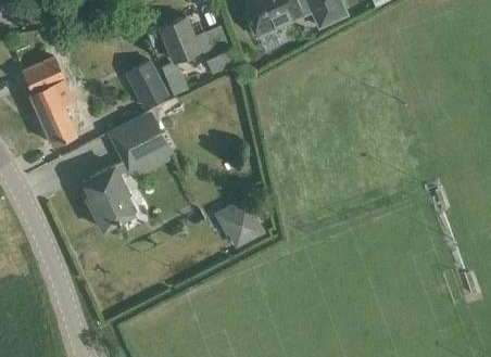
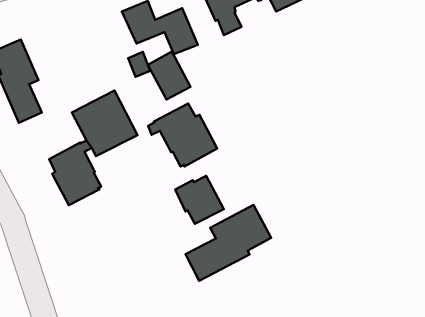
building: [124,59,168,109] -> [148,51,191,99]
building: none -> [148,103,217,166]
building: none -> [186,205,271,281]

